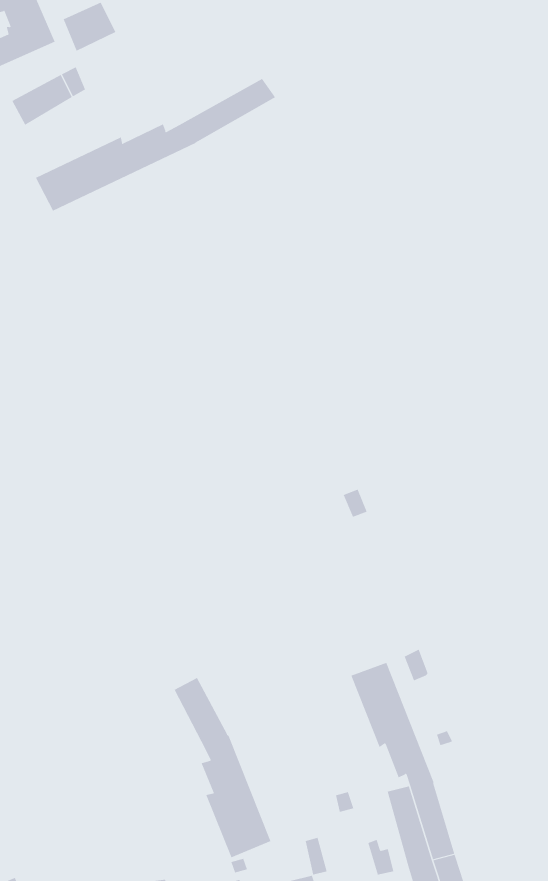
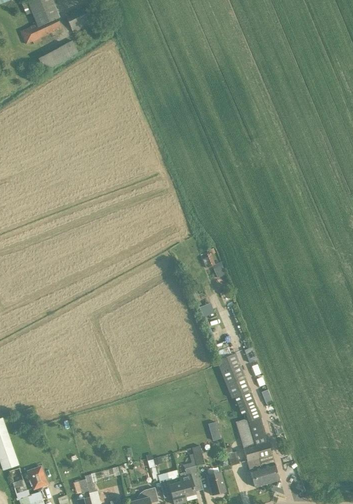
building: [35,78,276,212] -> none
building: [174,677,271,858] -> none

